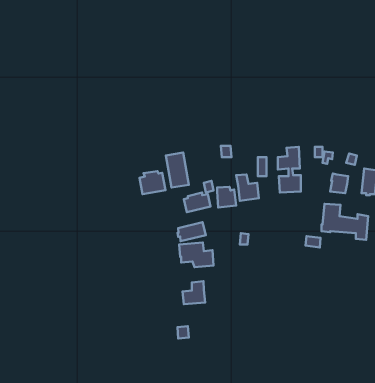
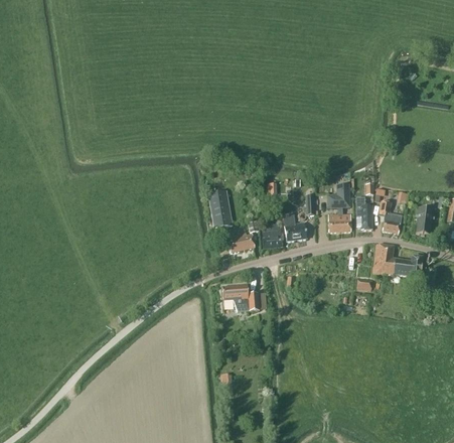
building: none -> [356,197,372,230]
building: [139,171,165,194] -> none
building: [178,222,206,241] -> none
building: [182,281,205,304] -> none

